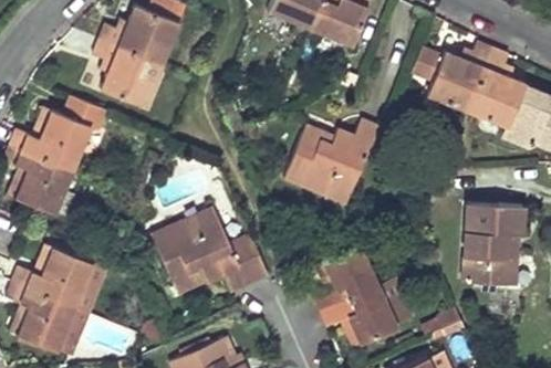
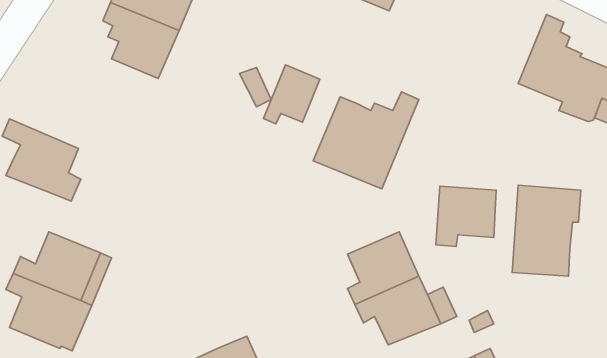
building: [412,42,493,111] -> none
building: none -> [263,65,320,124]
building: [10,95,105,169] -> none
building: none -> [436,186,496,246]
building: [152,207,268,292] -> none

